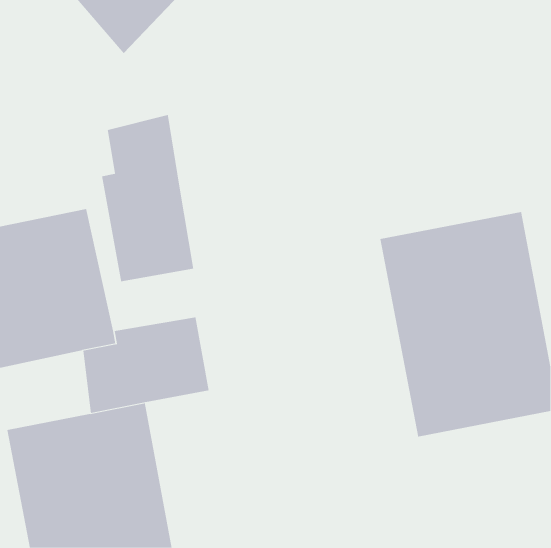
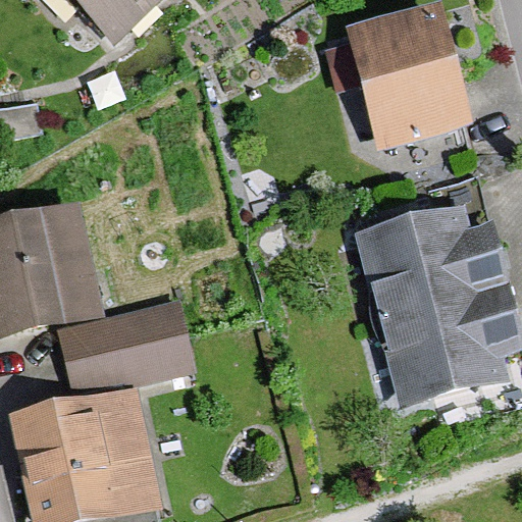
building: none -> [347,7,473,151]
building: [102,114,194,282] -> none

